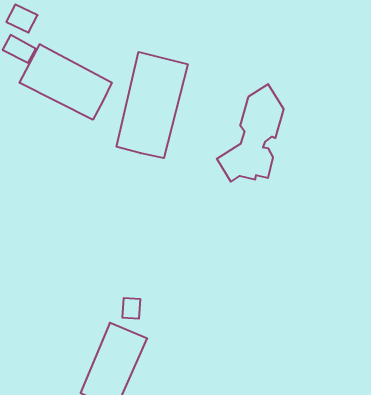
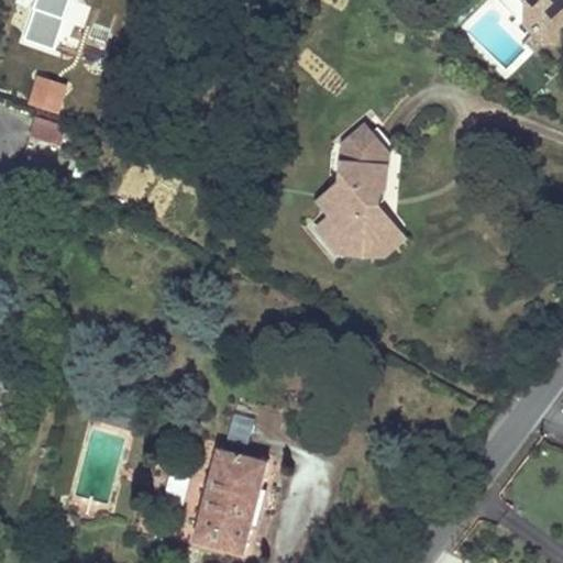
building: [20,44,112,120] -> none
building: [117,52,188,158] -> none

